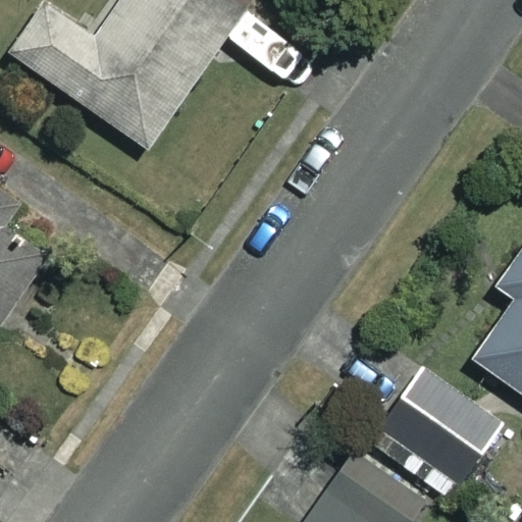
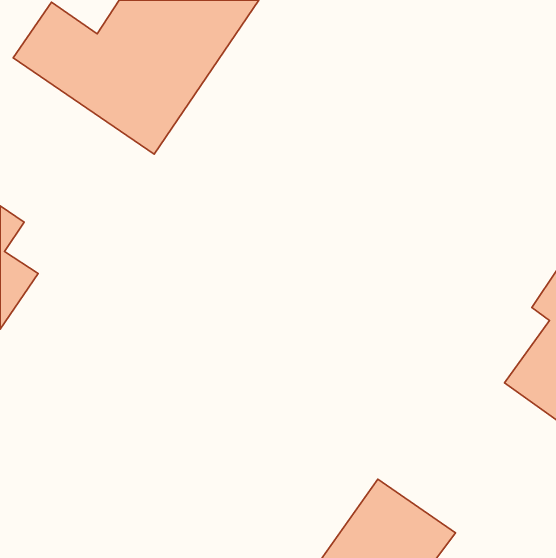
building: [371,368,504,497] -> none

